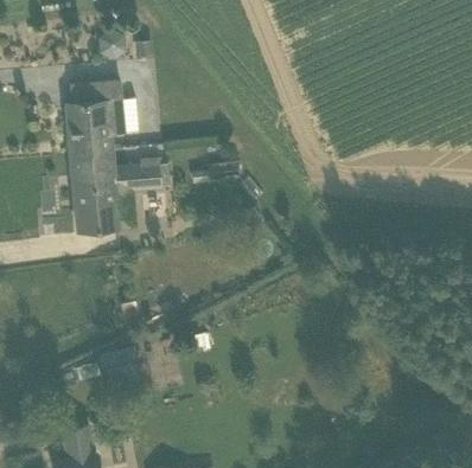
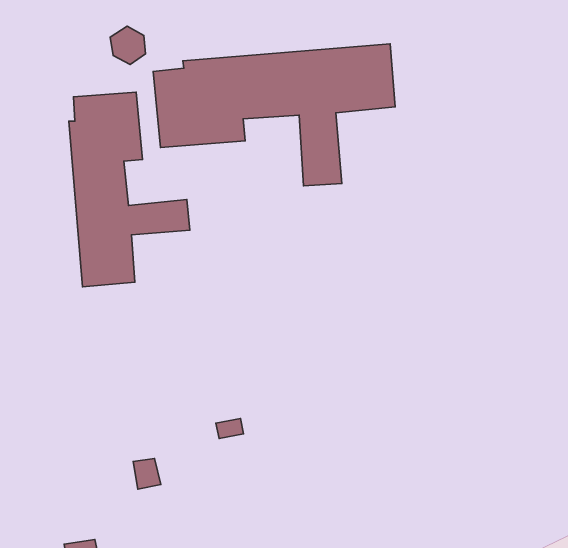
building: none -> [153,44,395,186]

